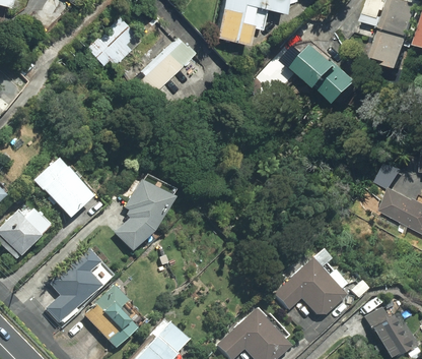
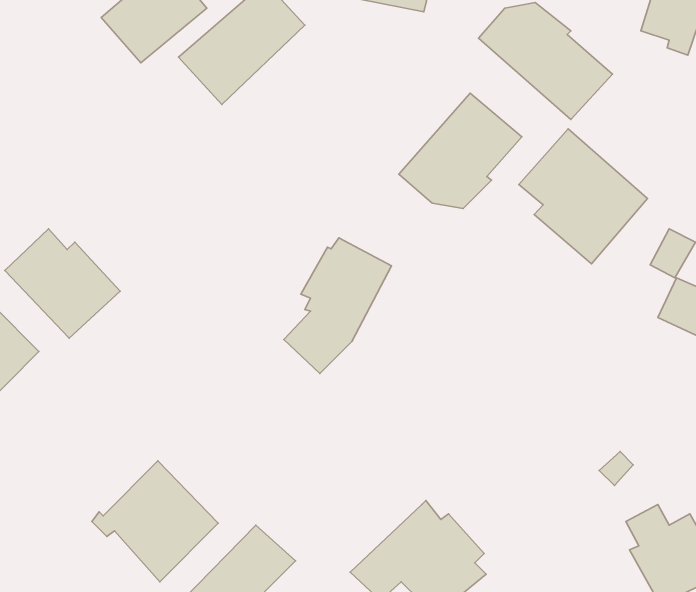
building: none -> [399,93,522,208]
building: none -> [519,129,648,264]
building: [113,179,170,252] -> [284,238,392,374]
building: [274,249,346,317] -> none
building: [45,250,99,326] -> none

